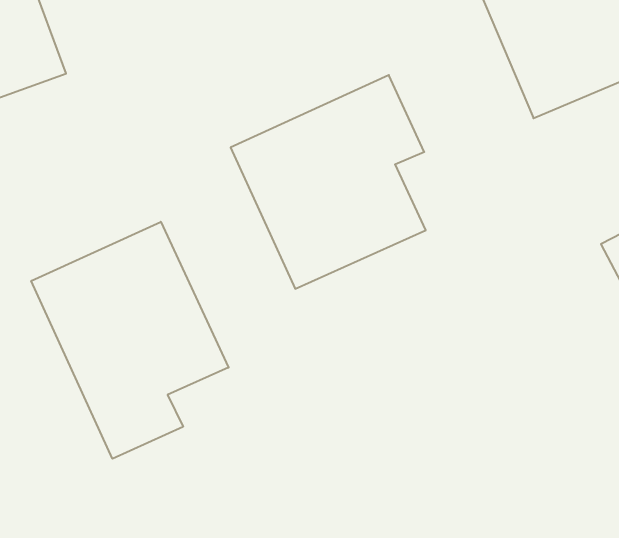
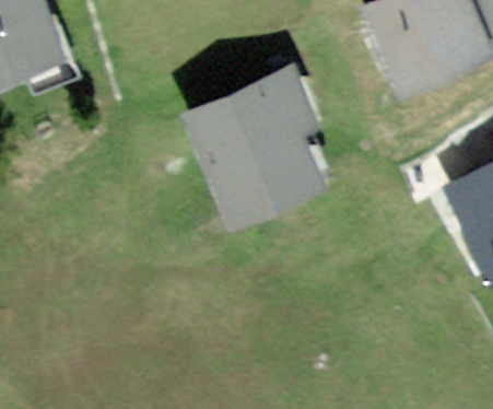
building: [31,222,229,459] -> none

